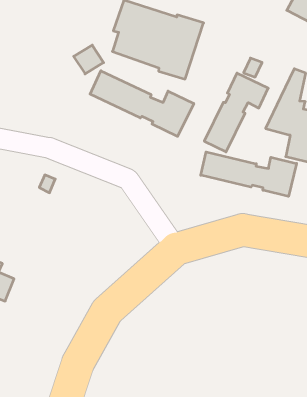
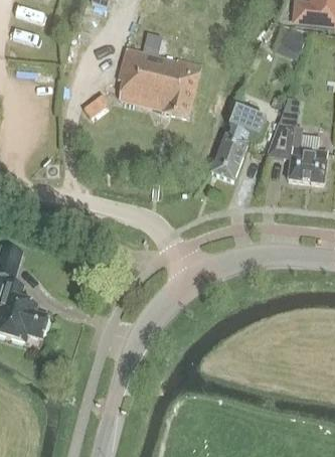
building: [90,71,194,136] -> none
building: [201,152,297,196] -> none

